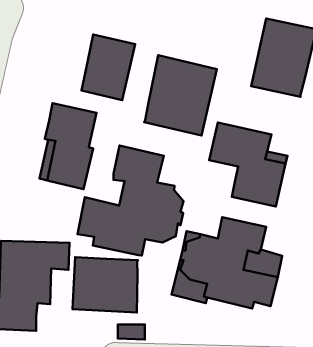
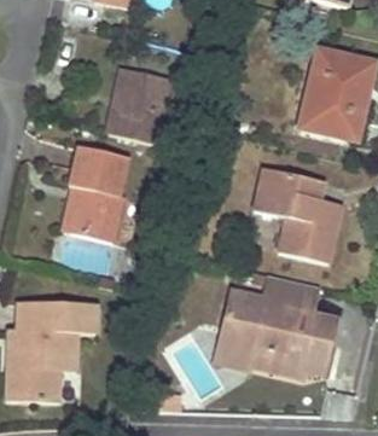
building: [144,55,217,136] -> none
building: [78,145,184,255] -> none
building: [73,257,138,313] -> none

